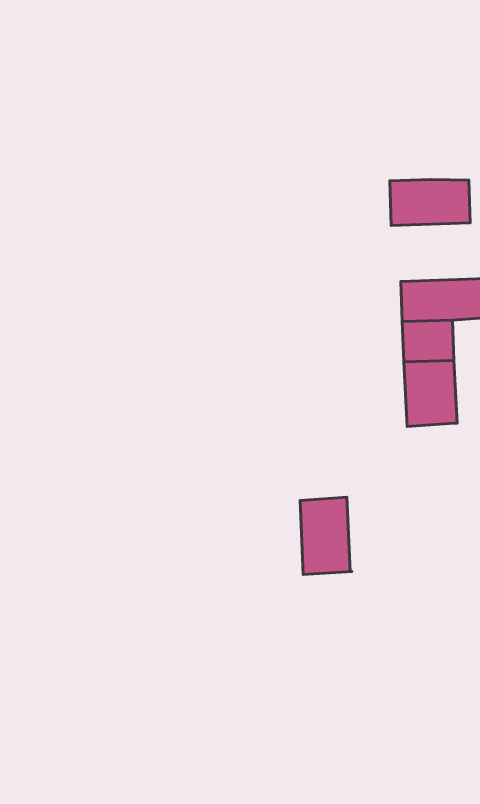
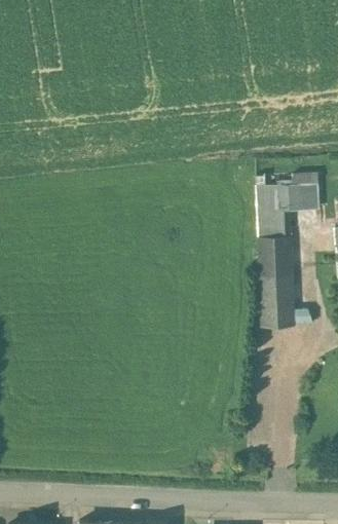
building: [390,179,470,225] -> none
building: [300,497,352,575] -> [261,275,294,325]

